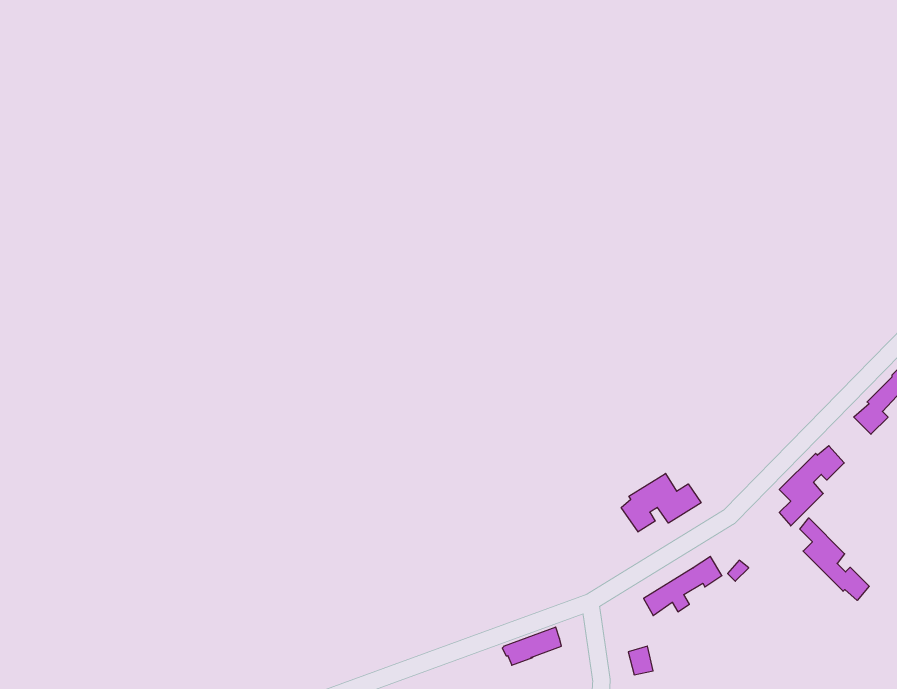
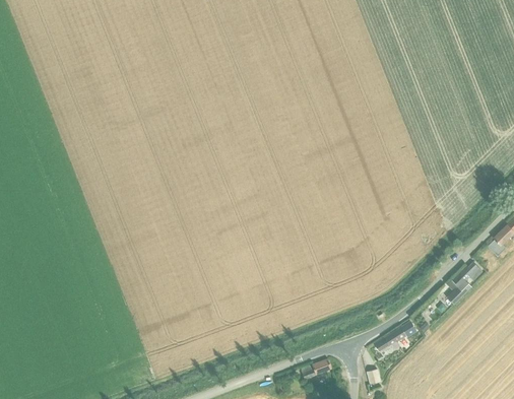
building: [621,473,701,532] -> none
building: [800,518,869,600] -> none

